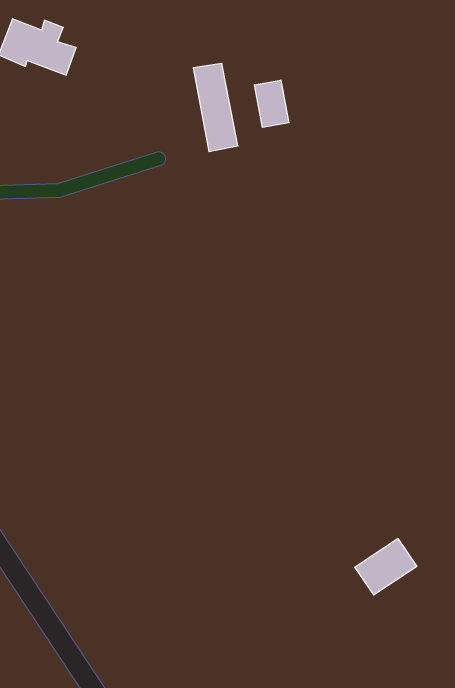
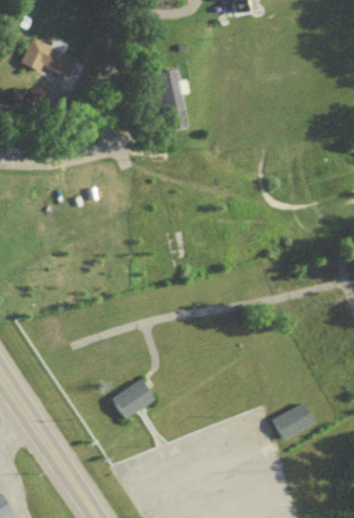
building: [255,80,289,127] -> none
building: none -> [110,377,155,419]

